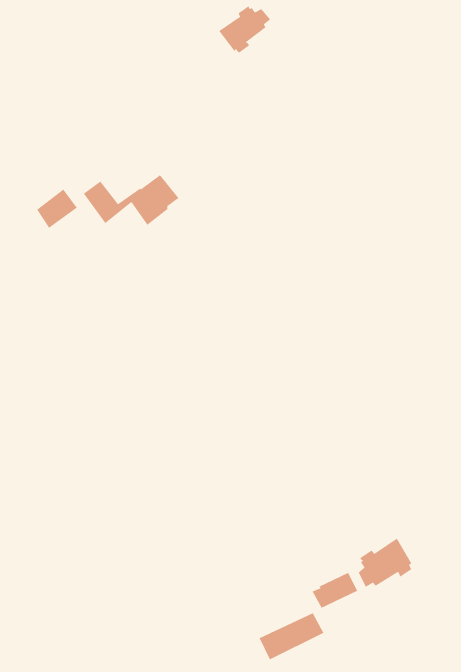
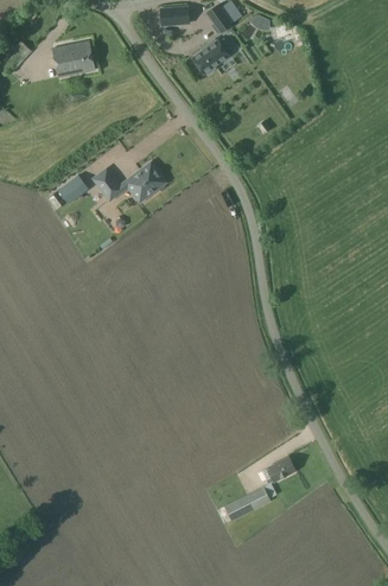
building: none -> [52,39,95,76]
building: [358,537,413,588] -> none

